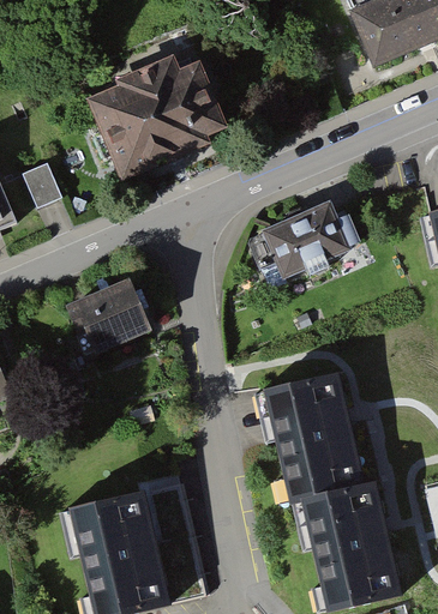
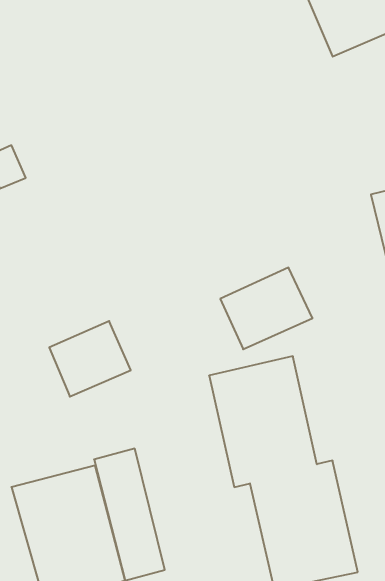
building: [90,49,235,183] -> none
building: [251,199,343,281] -> [220,268,313,349]
building: [73,279,155,355] -> [49,321,131,397]

